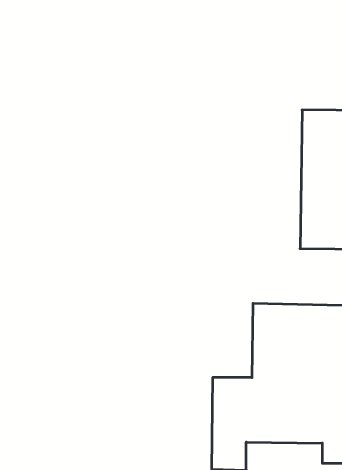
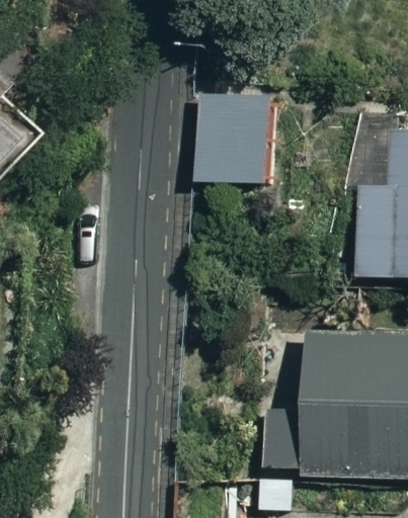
building: none -> [195,87,271,182]

